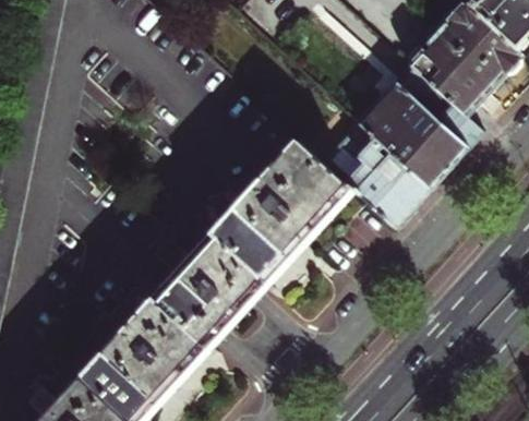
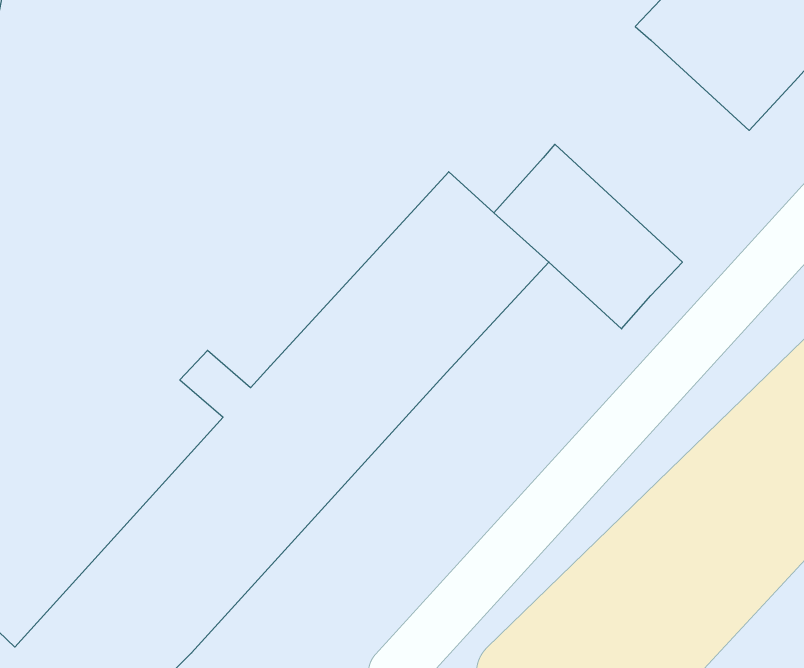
building: [348,67,480,190] -> none

